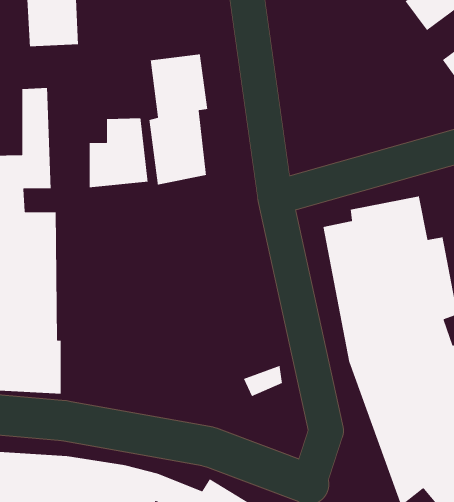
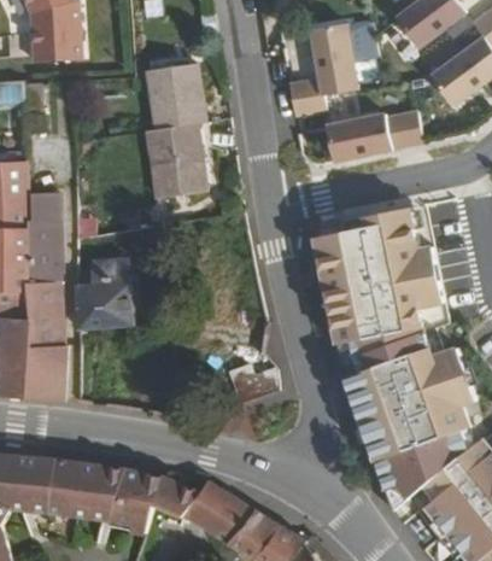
building: none -> [288,23,358,115]
building: none -> [329,110,426,160]
building: [89,117,149,188] -> [76,261,134,329]

